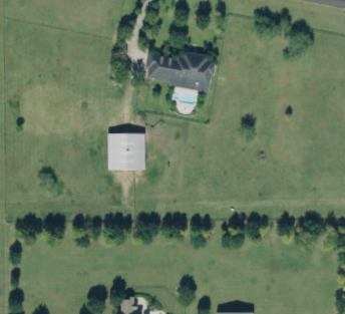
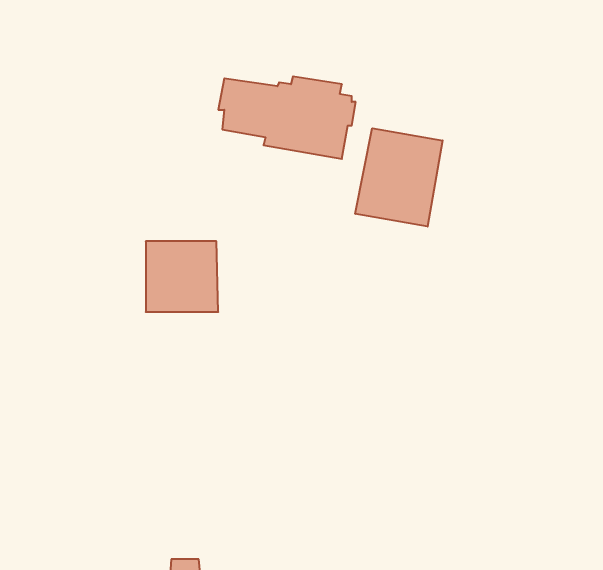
building: none -> [355,128,443,227]

